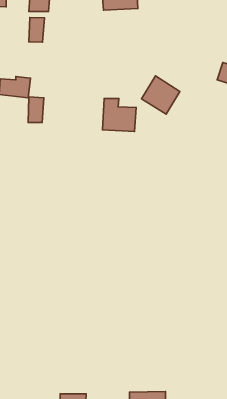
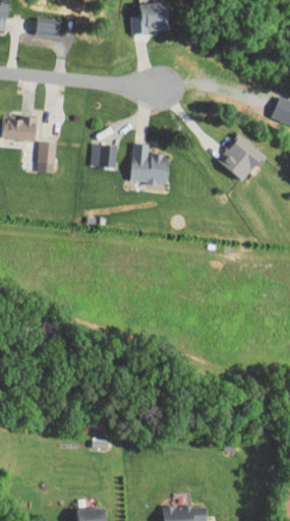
building: [29,18,44,42] -> none
building: [141,76,180,114] -> [218,133,266,181]
building: none -> [88,141,118,168]

